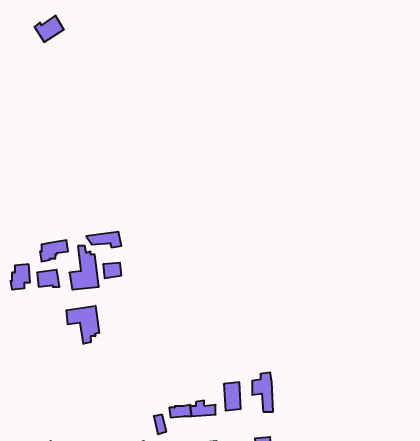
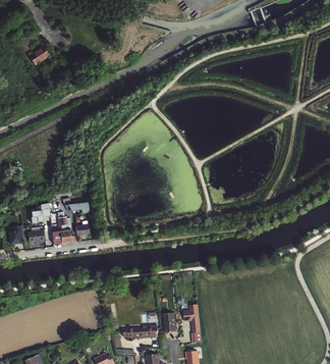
building: [67,306,99,344] -> none

